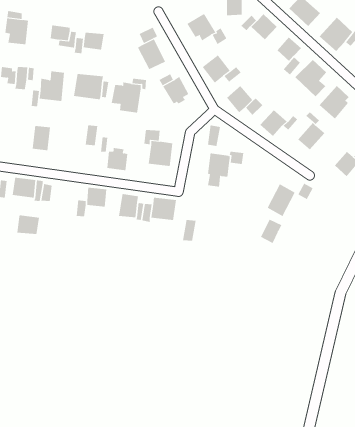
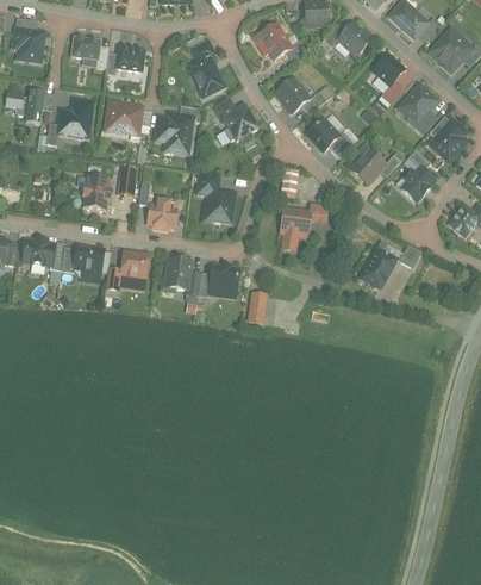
building: [32,125,51,151] -> [83,179,108,212]
building: [17,215,40,235] -> [73,247,104,273]
building: [260,219,282,244] -> none

